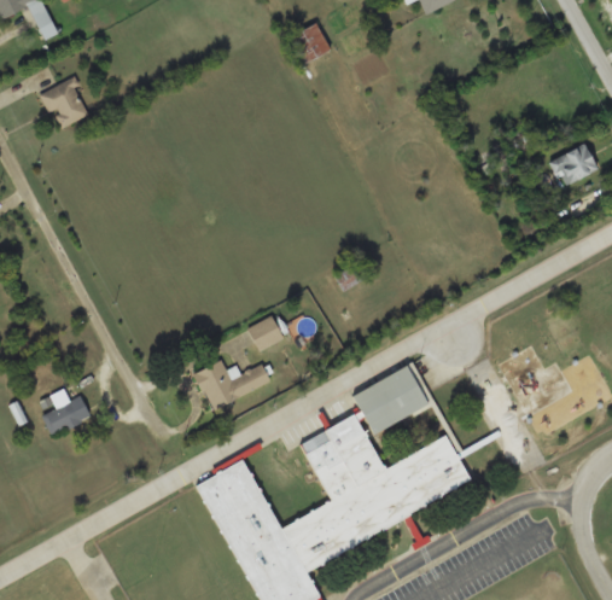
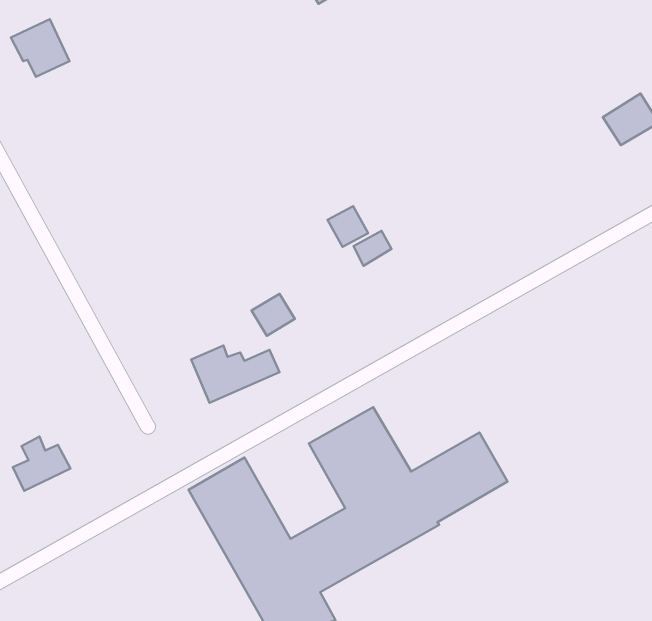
building: none -> [328,206,368,247]
building: [350,365,433,435] -> none
building: [42,388,92,435] -> [13,436,70,491]

